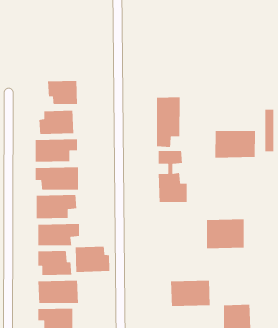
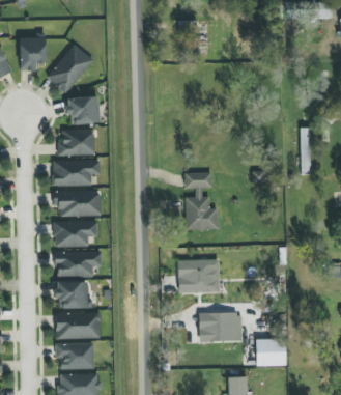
building: none -> [19,36,46,70]
building: none -> [47,44,92,93]
building: [156,96,181,148] -> none
building: [215,130,256,159] -> none
building: [206,218,245,249] -> [177,259,219,292]
building: [75,246,110,273] -> none

